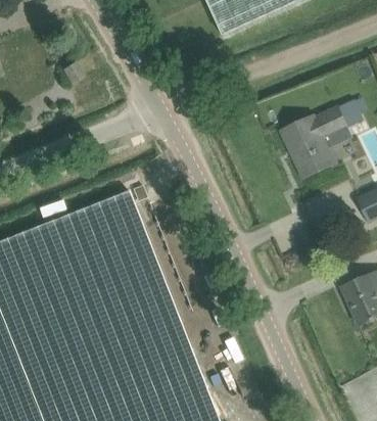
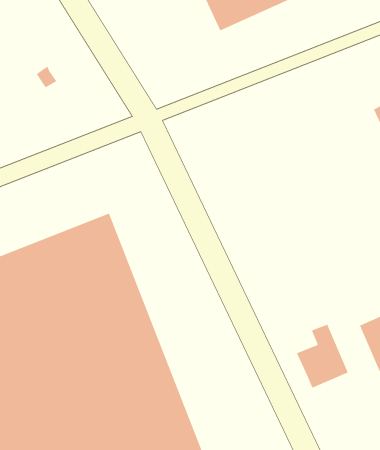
building: [283,106,348,177] -> none
building: none -> [296,324,348,389]

